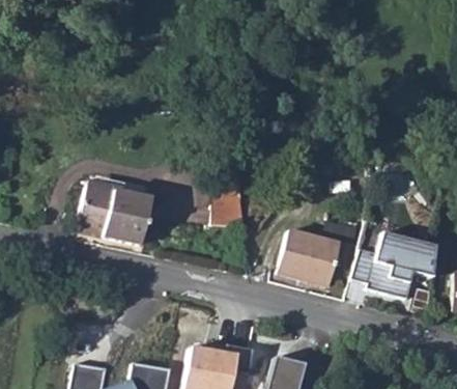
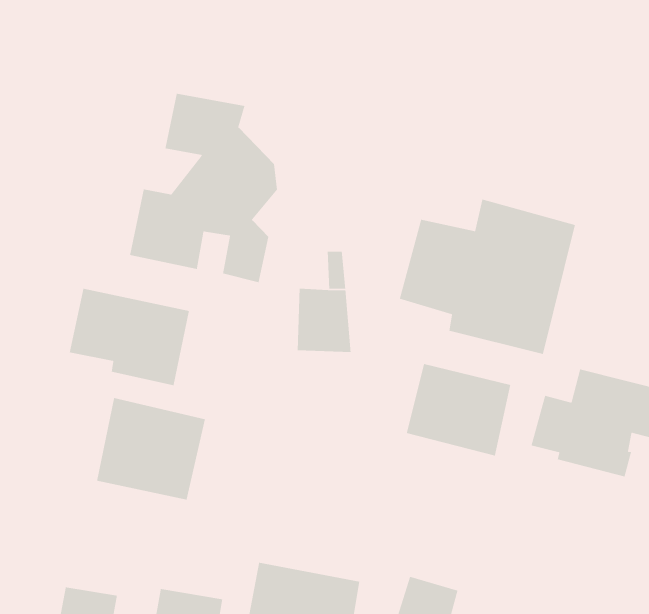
building: none -> [129,93,278,283]
building: none -> [399,199,576,355]
building: none -> [96,397,206,500]

